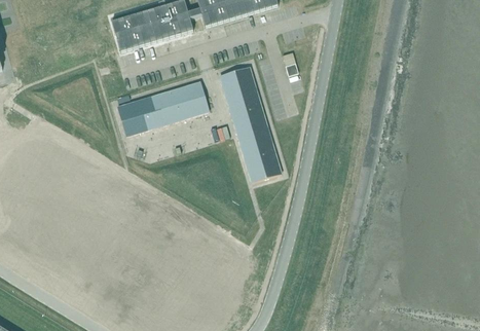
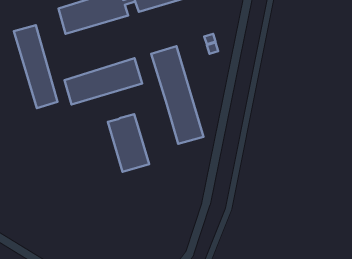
building: none -> [14,25,58,108]
building: none -> [108,114,149,172]

